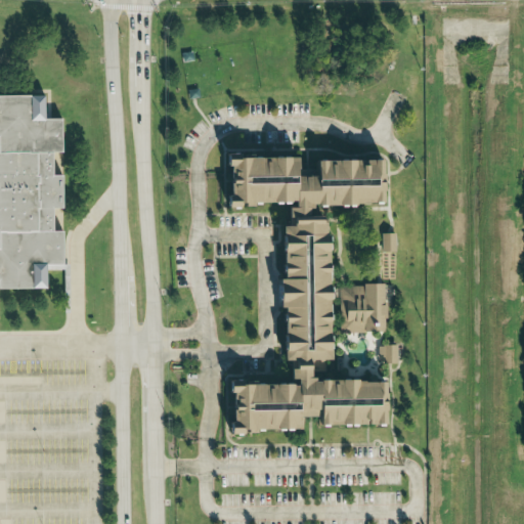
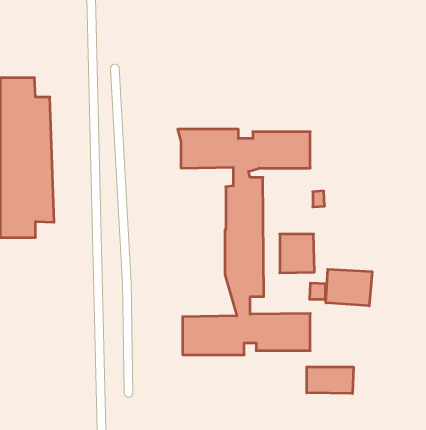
building: none -> [326,269,372,306]
building: none -> [307,367,353,394]

